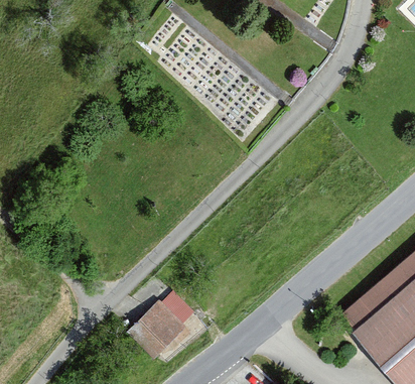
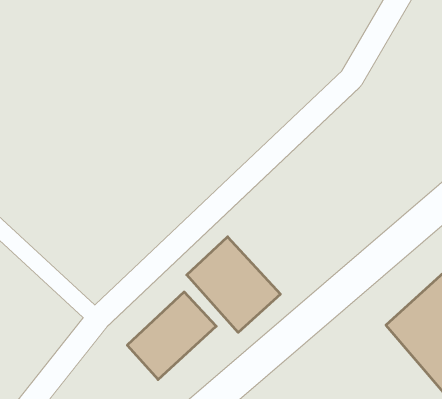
building: none -> [187,237,280,332]

